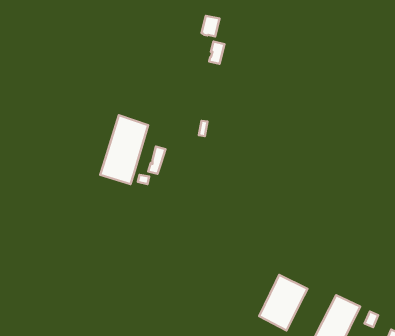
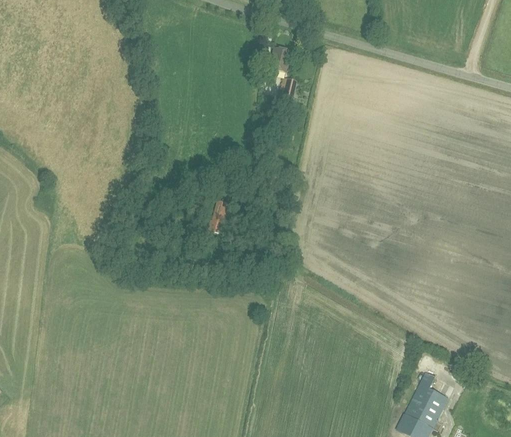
building: [100,115,148,184] -> none
building: [259,275,307,330] -> none

